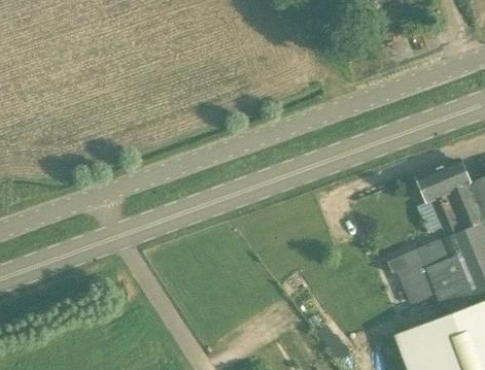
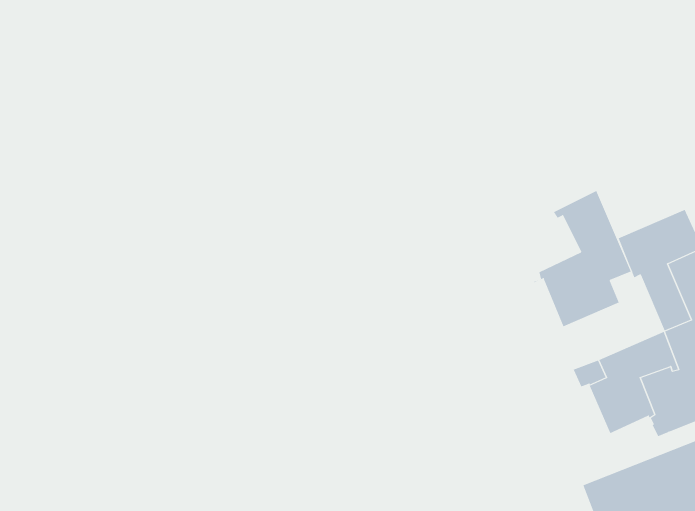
building: none -> [533,190,631,327]

